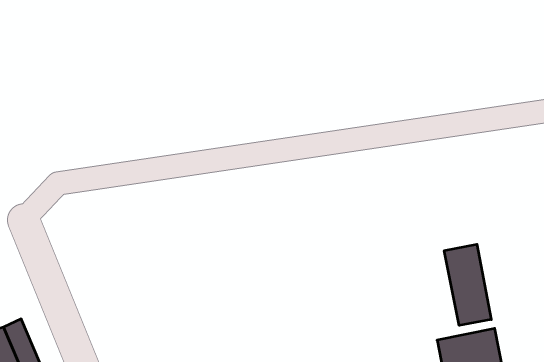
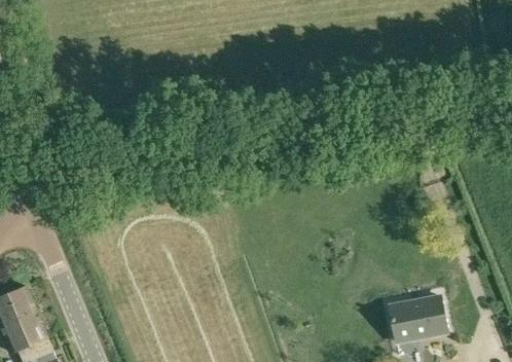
building: [444,244,491,325] -> none

